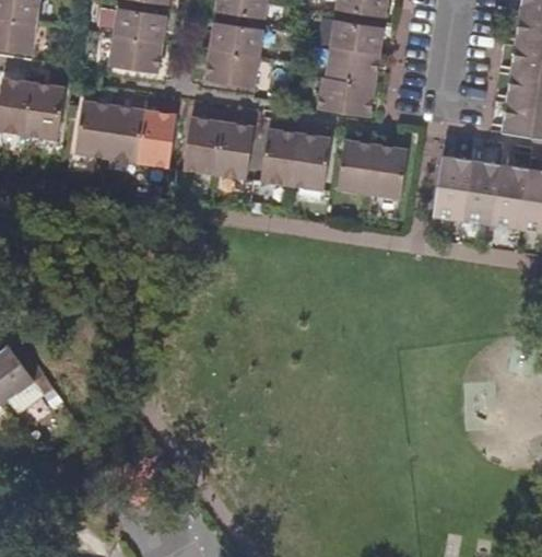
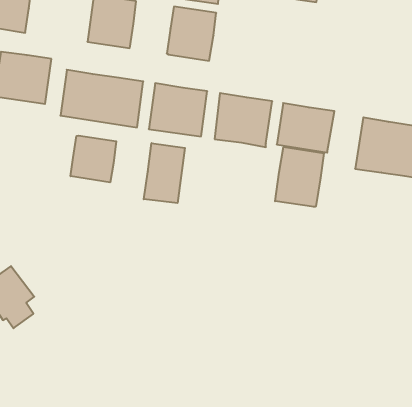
building: [318,20,384,116] -> none
building: none -> [71,136,116,182]
building: none -> [144,143,185,203]
building: none -> [275,147,324,207]

